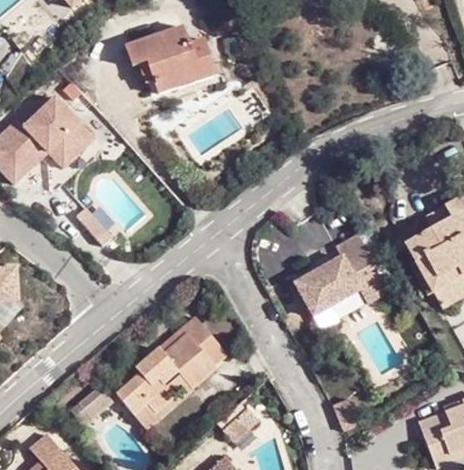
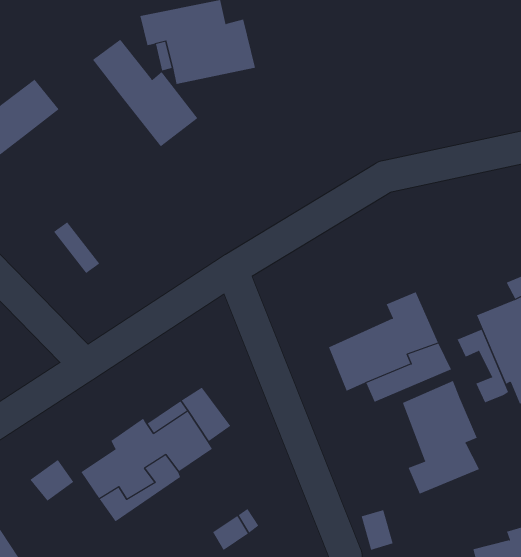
building: none -> [92,39,198,147]
building: [46,123,86,163] -> none
building: none -> [457,329,509,403]
building: none -> [402,380,480,495]

